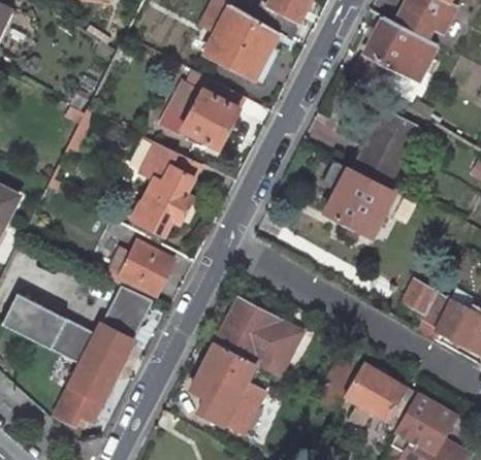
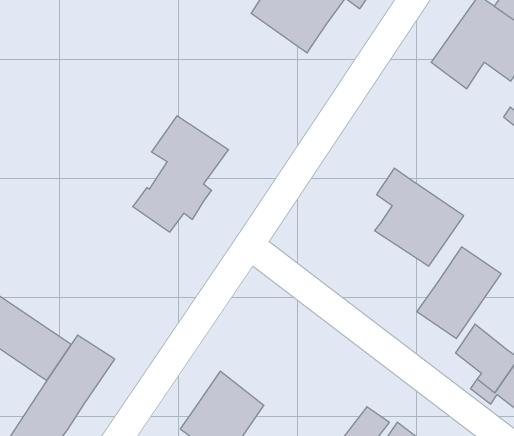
building: [169,72,245,147] -> none
building: [355,110,418,184] -> [417,247,501,339]
building: [120,242,173,295] -> none
building: [100,285,153,341] -> none
building: [217,299,302,377] -> none

